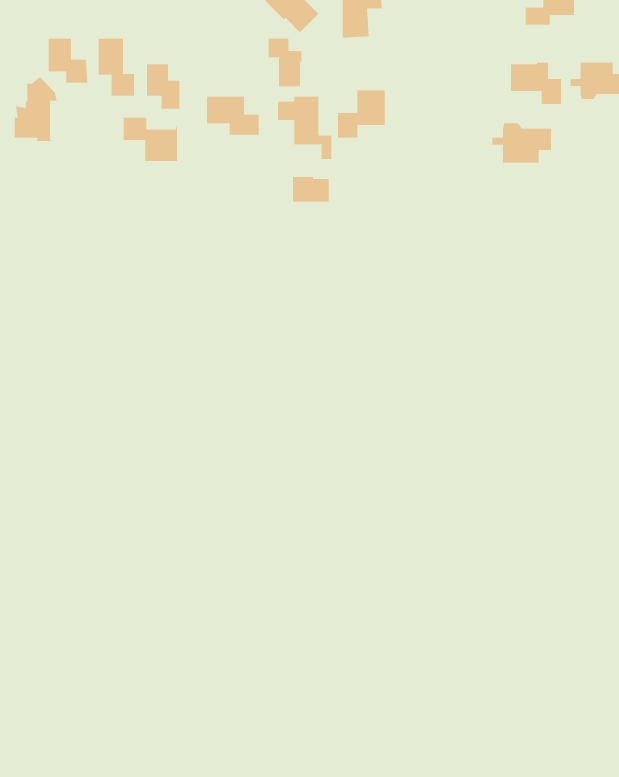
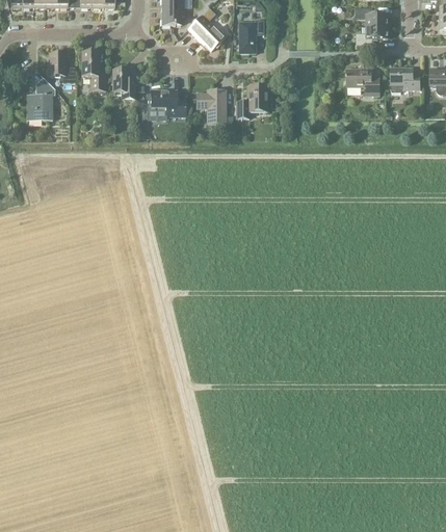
building: [268,38,302,87] -> none
building: [123,117,178,162] -> none
building: [492,122,551,163] -> none
building: [293,176,329,202] -> none

